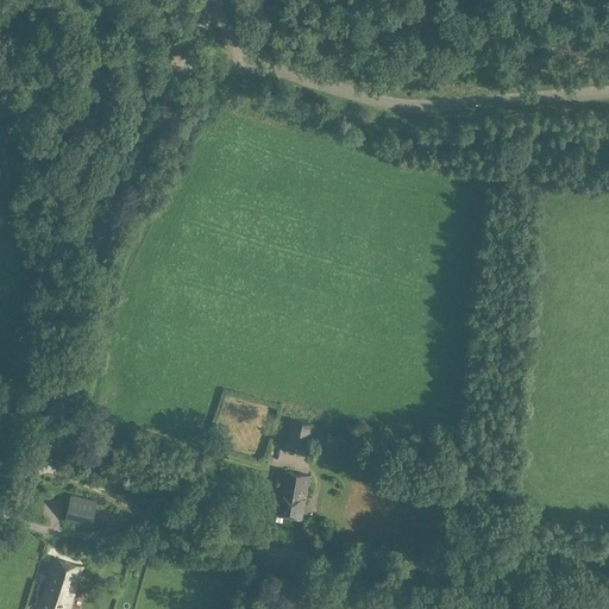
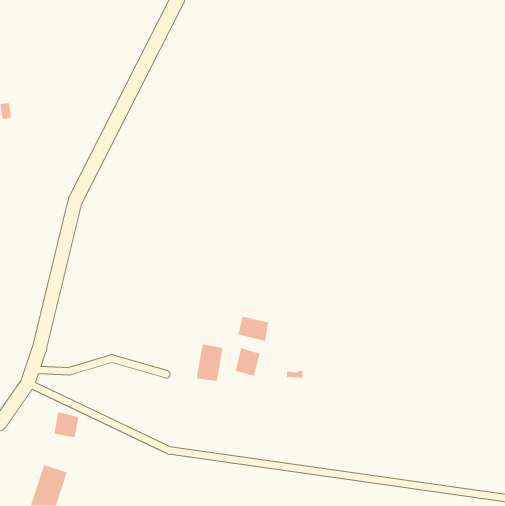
building: none -> [238,316,269,342]
building: [275,472,308,517] -> [196,344,224,381]

